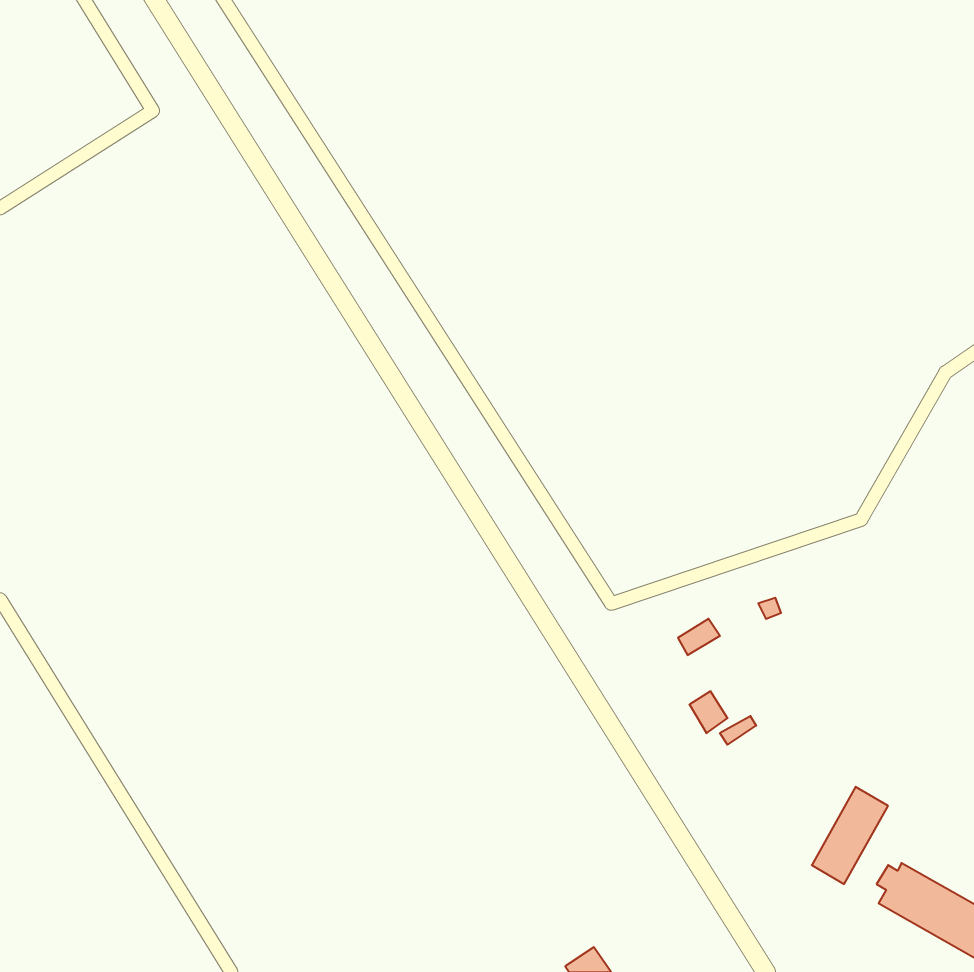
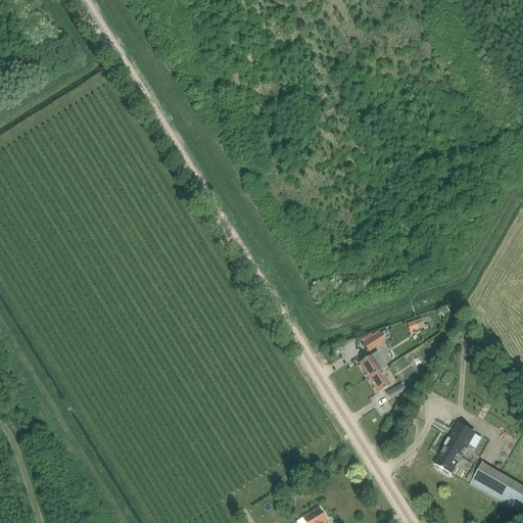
building: none -> [360,350,387,377]

